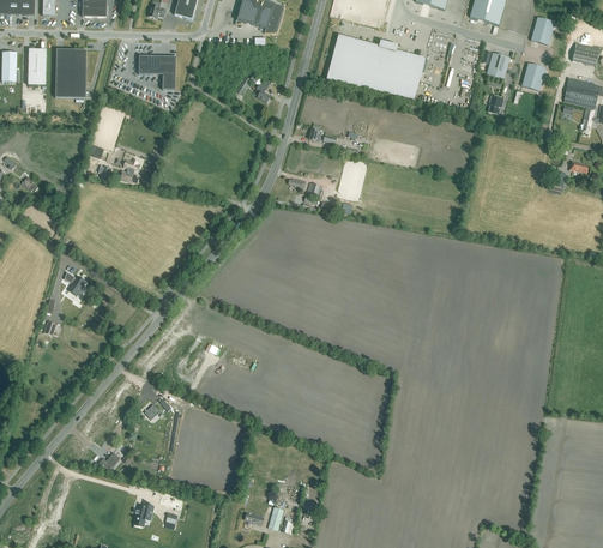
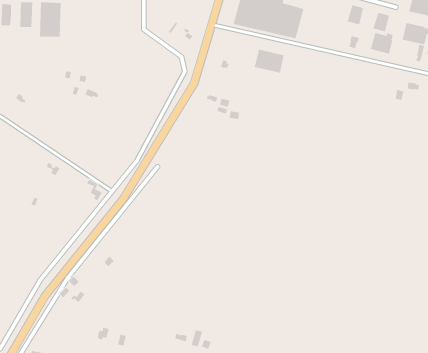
building: [139,55,176,89] -> none
building: none -> [370,32,393,54]
building: none -> [254,49,284,74]

